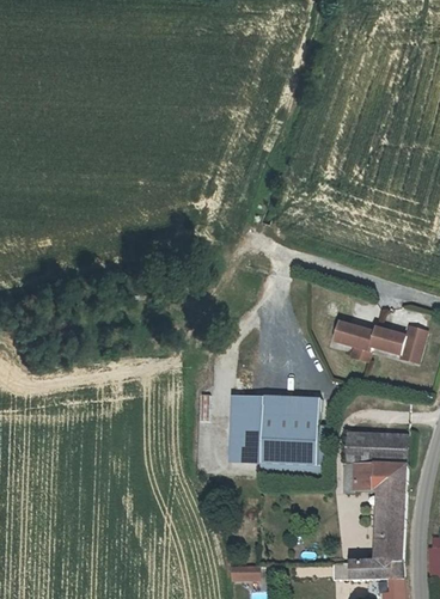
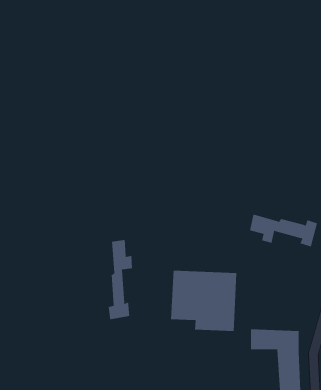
building: none -> [108,239,132,320]
building: [336,438,401,471] -> none

